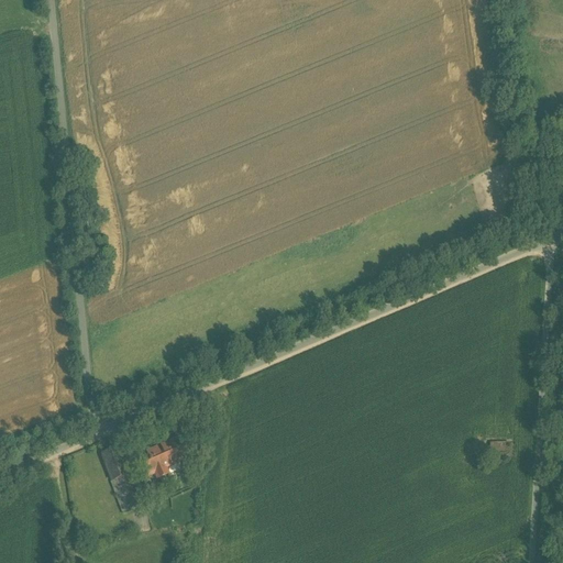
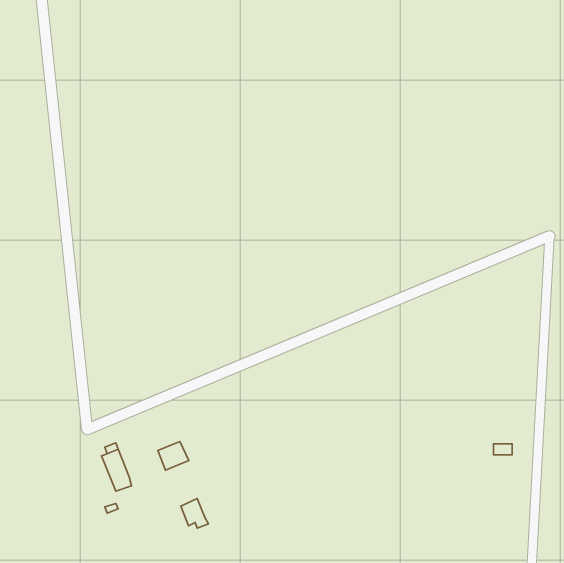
building: [141,449,168,478] -> [181,498,208,528]

